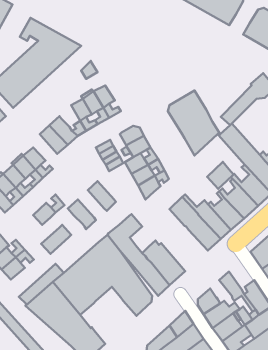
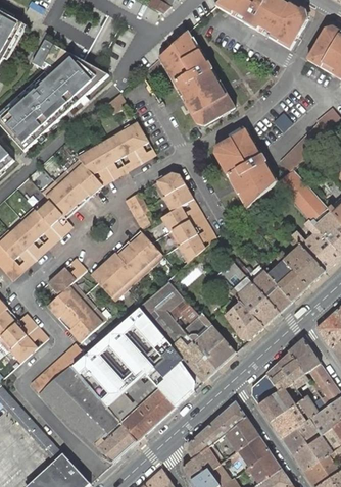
building: none -> [157,30,234,125]
building: none -> [77,147,105,173]
building: none -> [43,182,77,218]
building: [207,162,233,189] -> none
building: none -> [127,230,161,266]
building: none -> [102,252,138,288]
building: none -> [46,282,83,318]
building: none -> [166,296,198,321]
building: none -> [224,301,262,339]
building: none -> [68,307,105,342]
building: none -> [287,337,320,380]
building: none -> [265,363,293,391]
building: none -> [105,371,175,441]

